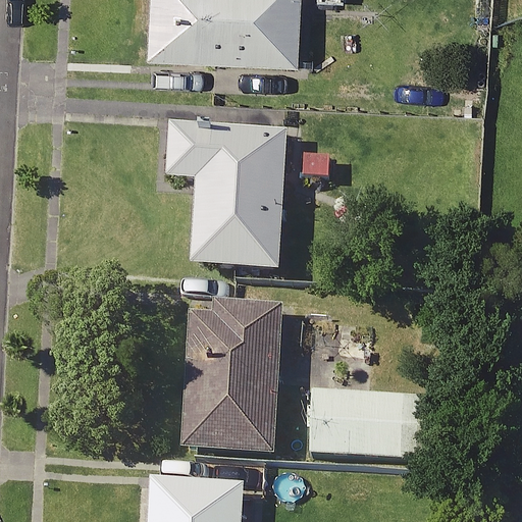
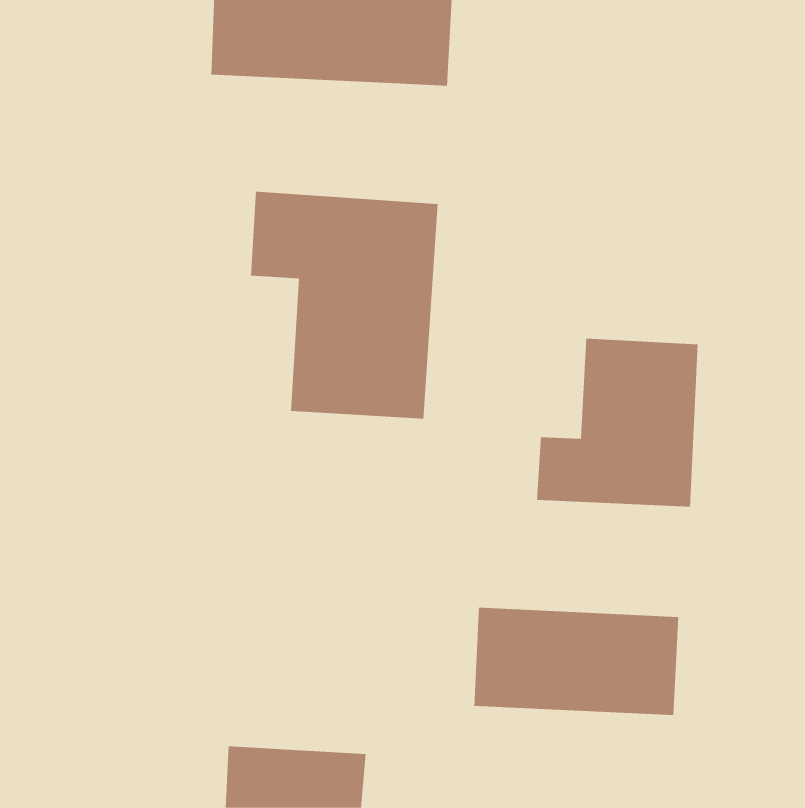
building: none -> [537,338,698,507]
building: [181,302,280,450] -> none

